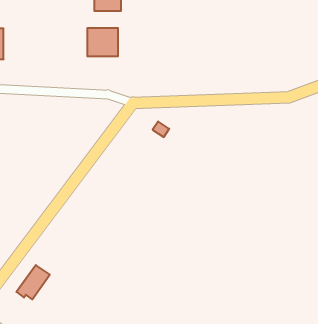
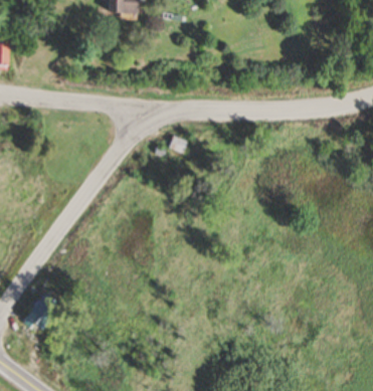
building: [87,28,118,56] -> none

